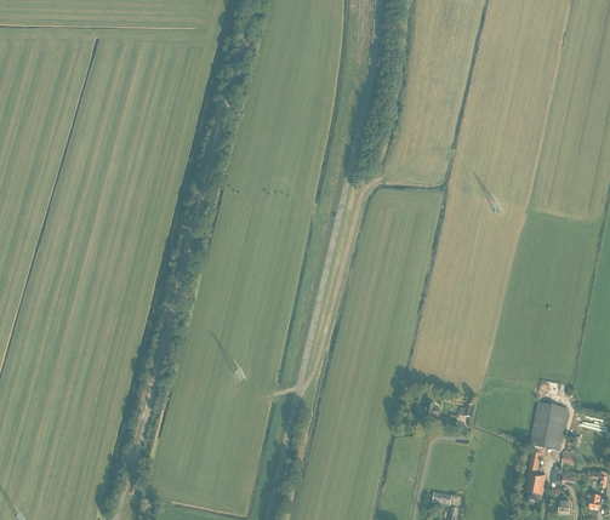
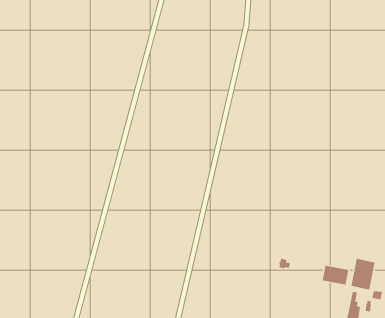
building: none -> [322,265,349,286]

